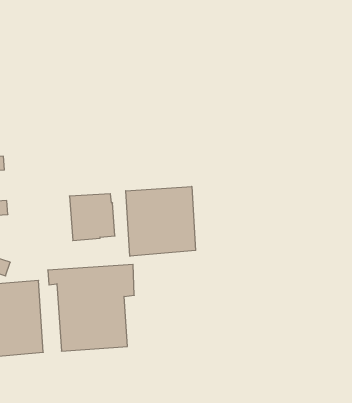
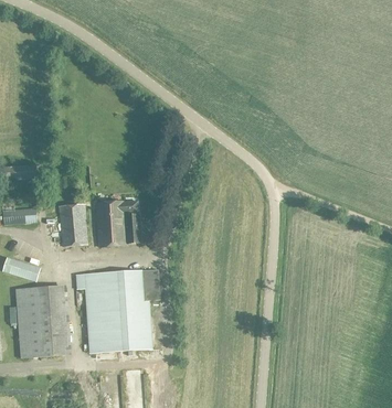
building: [126,186,196,256] -> none
building: none -> [59,196,86,246]

